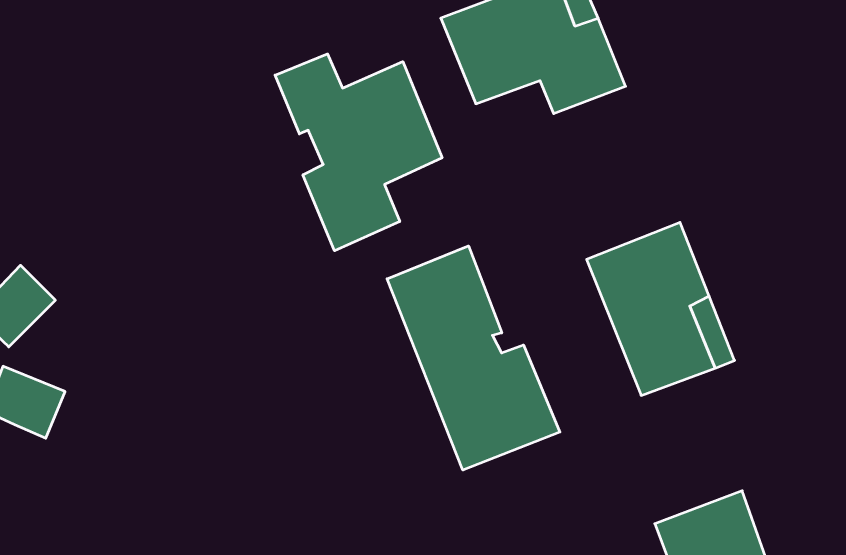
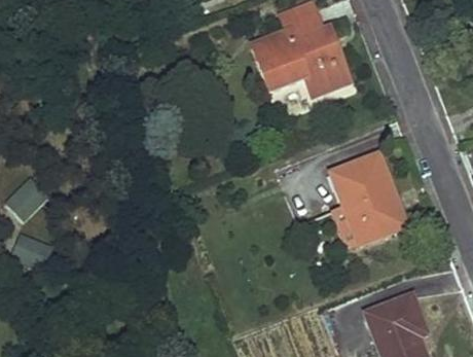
building: [275,54,442,251] -> none
building: [387,246,560,470] -> none

